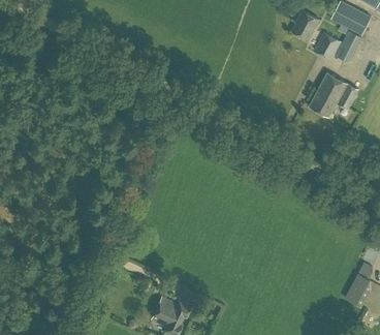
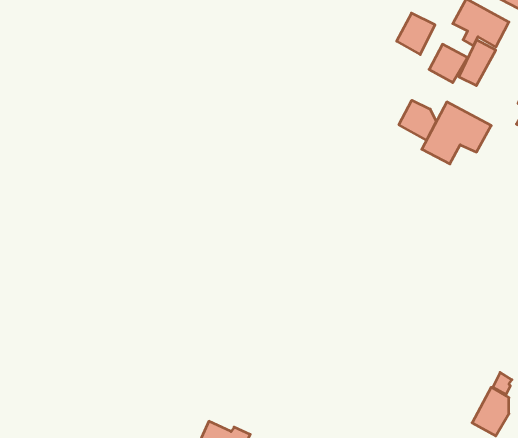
building: none -> [399,100,436,140]

